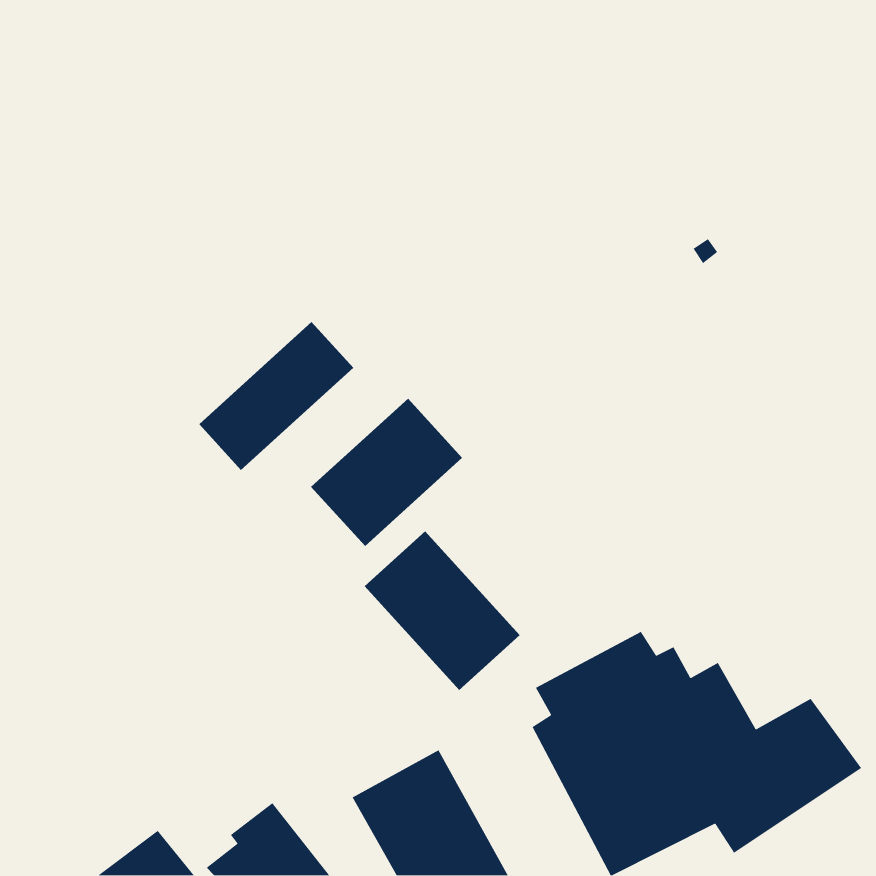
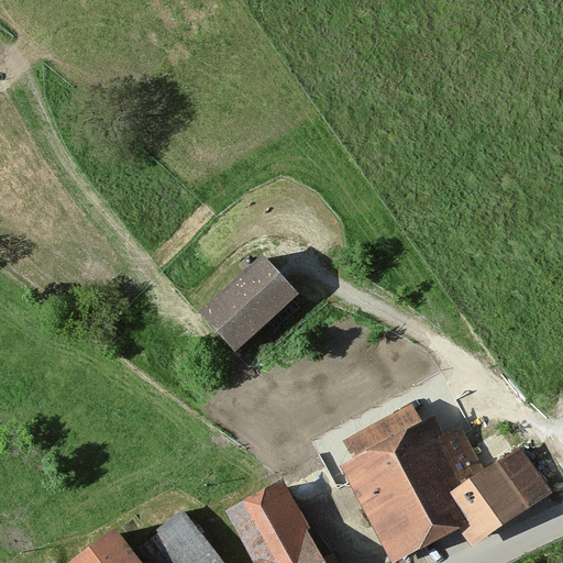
building: [199,321,354,471] -> none
building: [364,530,521,691] -> none

